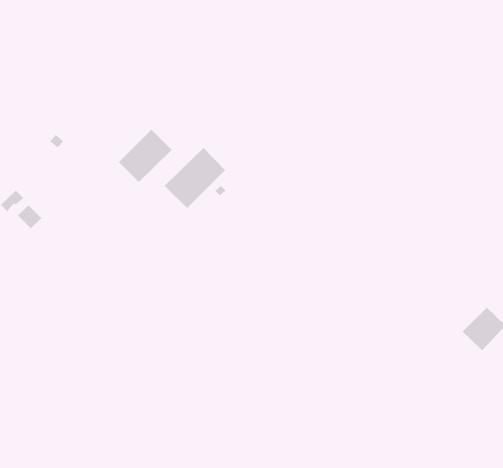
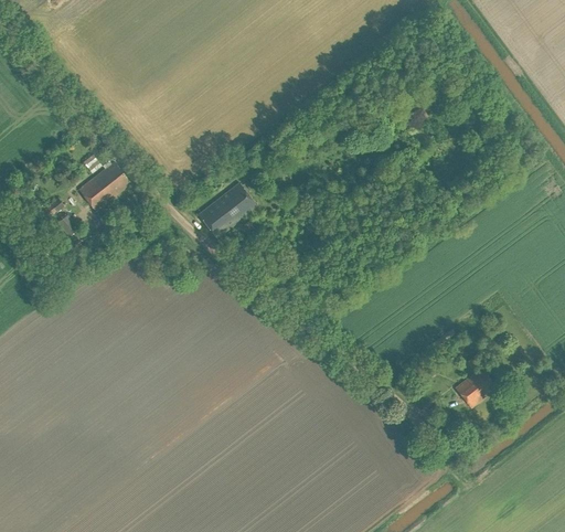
building: [118,129,172,183] -> [77,162,129,211]

